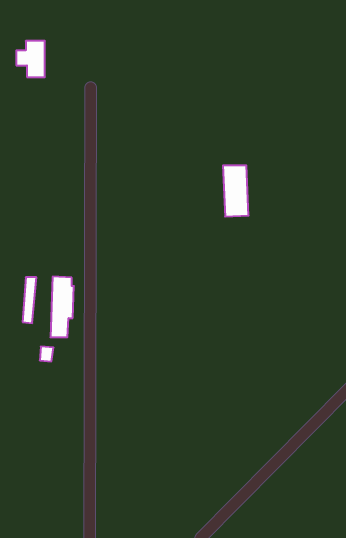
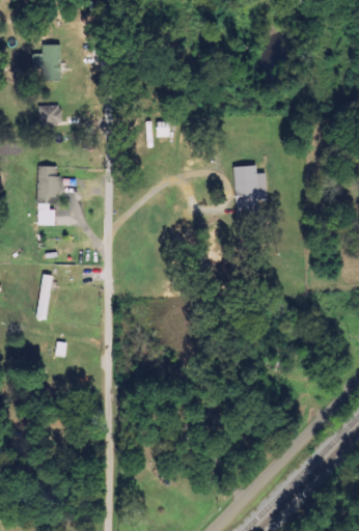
building: none -> [38,105,61,124]
building: [50,277,74,337] -> [37,166,60,225]

